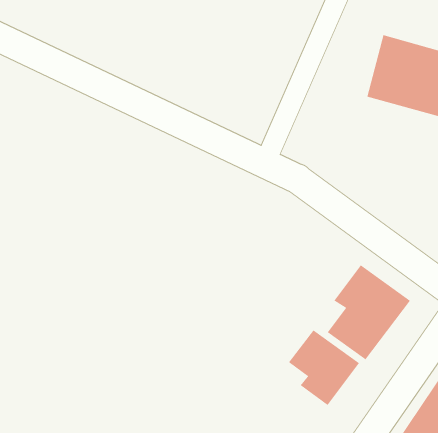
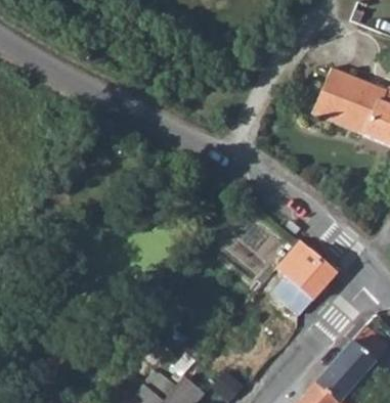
building: [288,329,360,406] -> none

